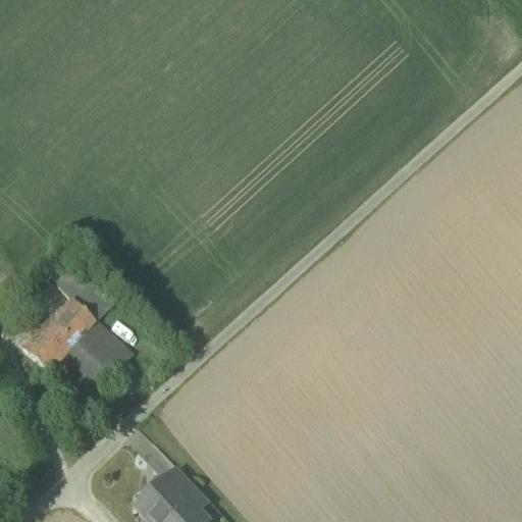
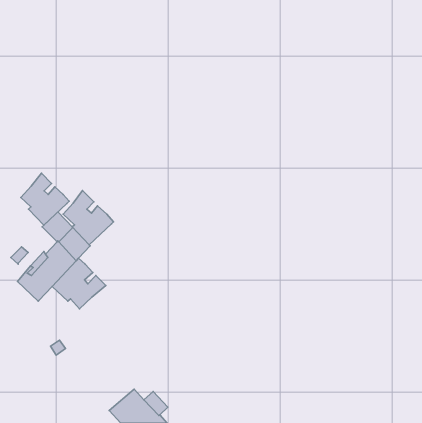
building: none -> [21,173,69,225]
building: none -> [63,191,114,245]

